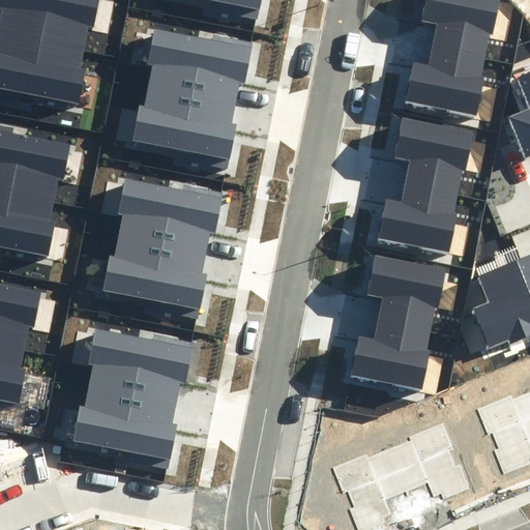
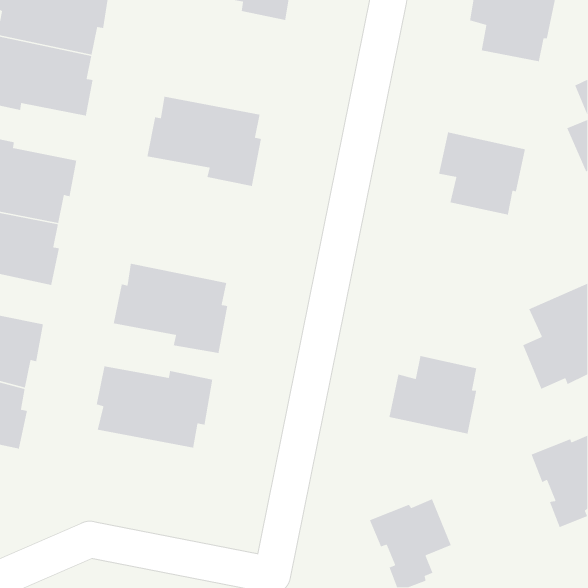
building: [146,28,252,102] -> none
building: [404,46,484,116] -> none
building: [116,178,222,254] -> none
building: [376,182,457,254] -> none
building: [366,255,445,330] -> none
building: [71,386,175,468] -> none
building: [388,422,469,498] -> none

